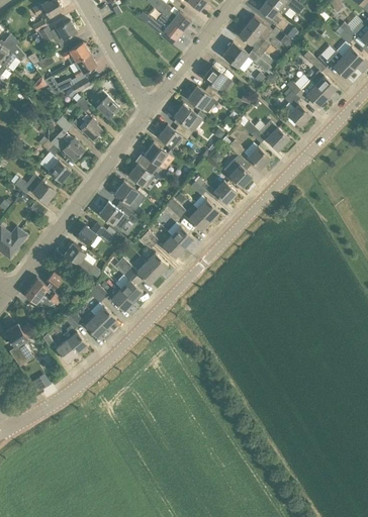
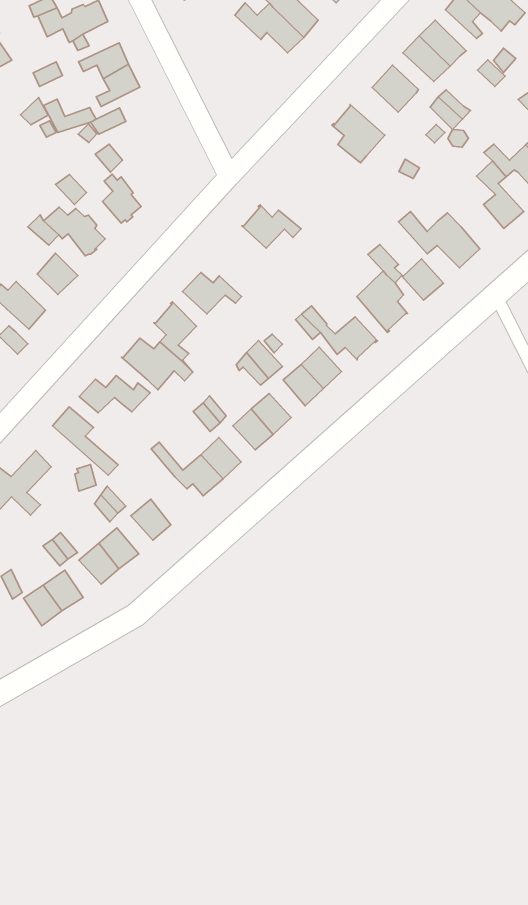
building: [187,86,219,113] -> none
building: [91,90,118,118] -> none
building: [173,104,199,135] -> none
building: [144,142,168,175] -> none
building: [113,262,143,302] -> none

